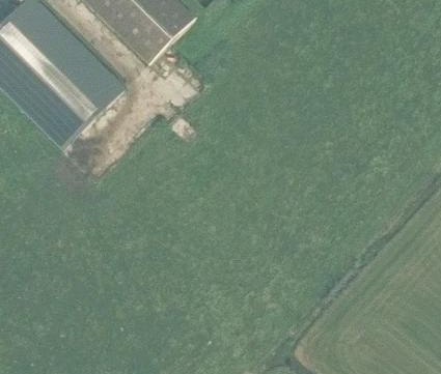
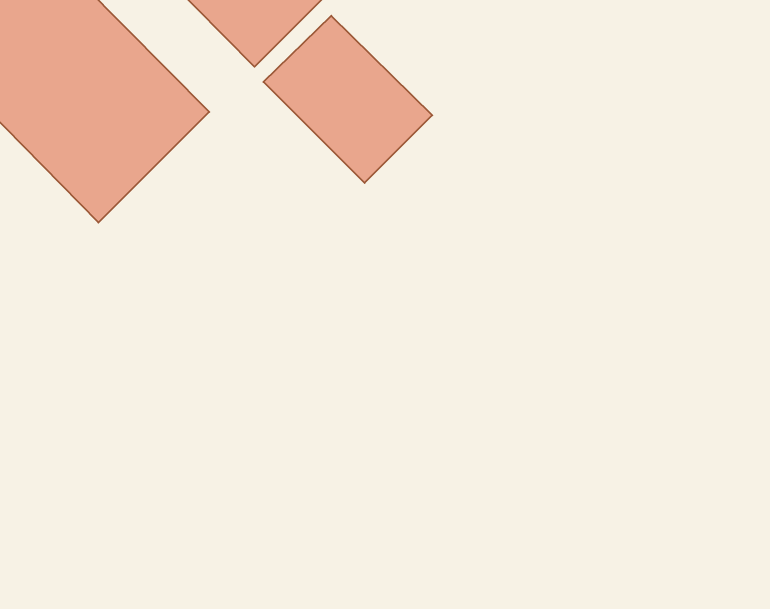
building: none -> [263,16,432,183]

